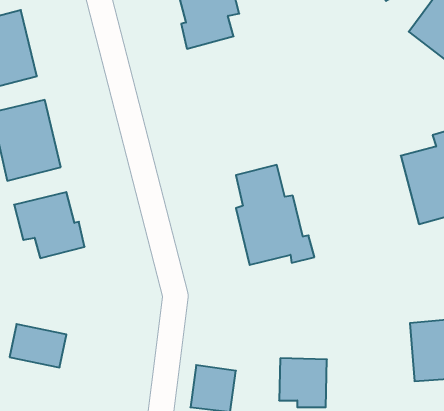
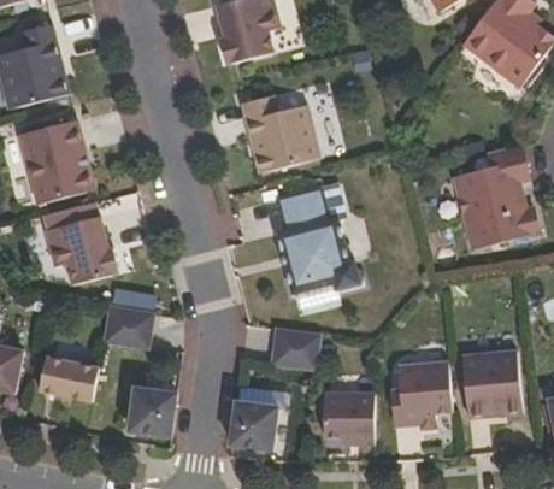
building: none -> [242,94,320,172]
building: none -> [104,306,152,347]
building: none -> [271,328,319,369]
building: none -> [391,360,452,422]
building: none -> [129,385,177,434]

